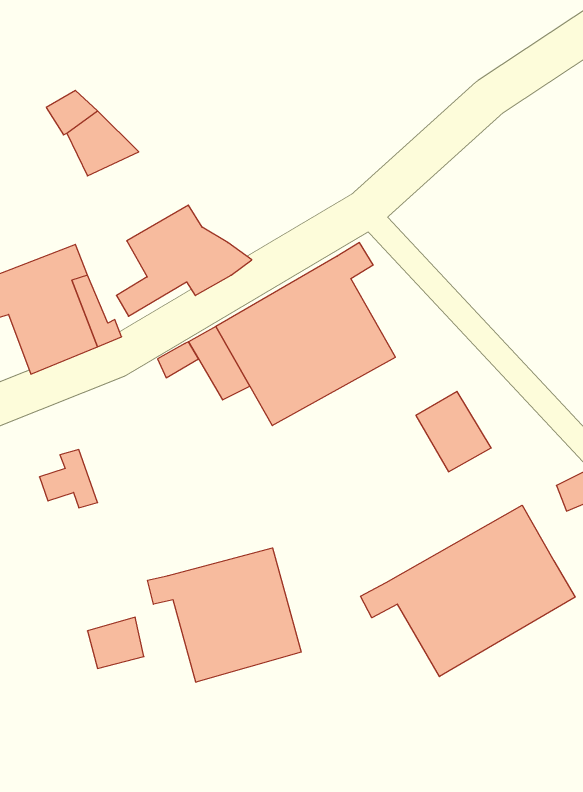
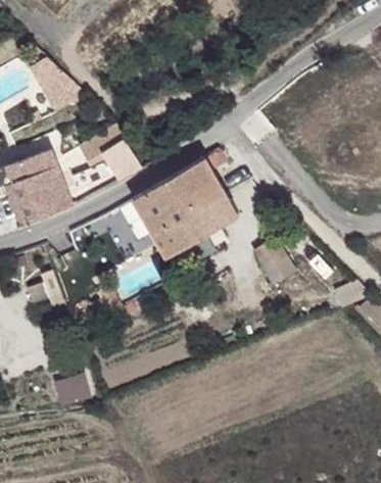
building: [361,505,575,677] -> none
building: [148,548,301,682] -> none

